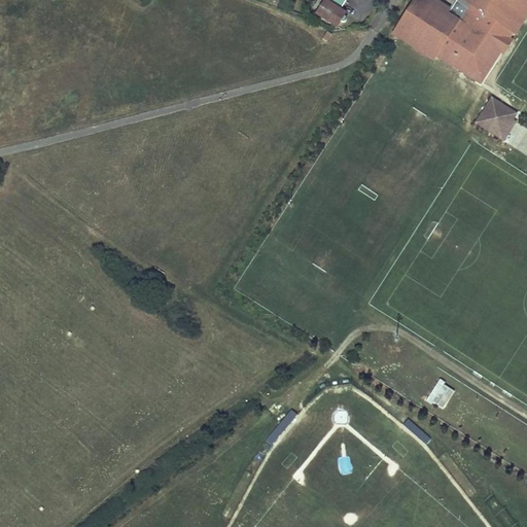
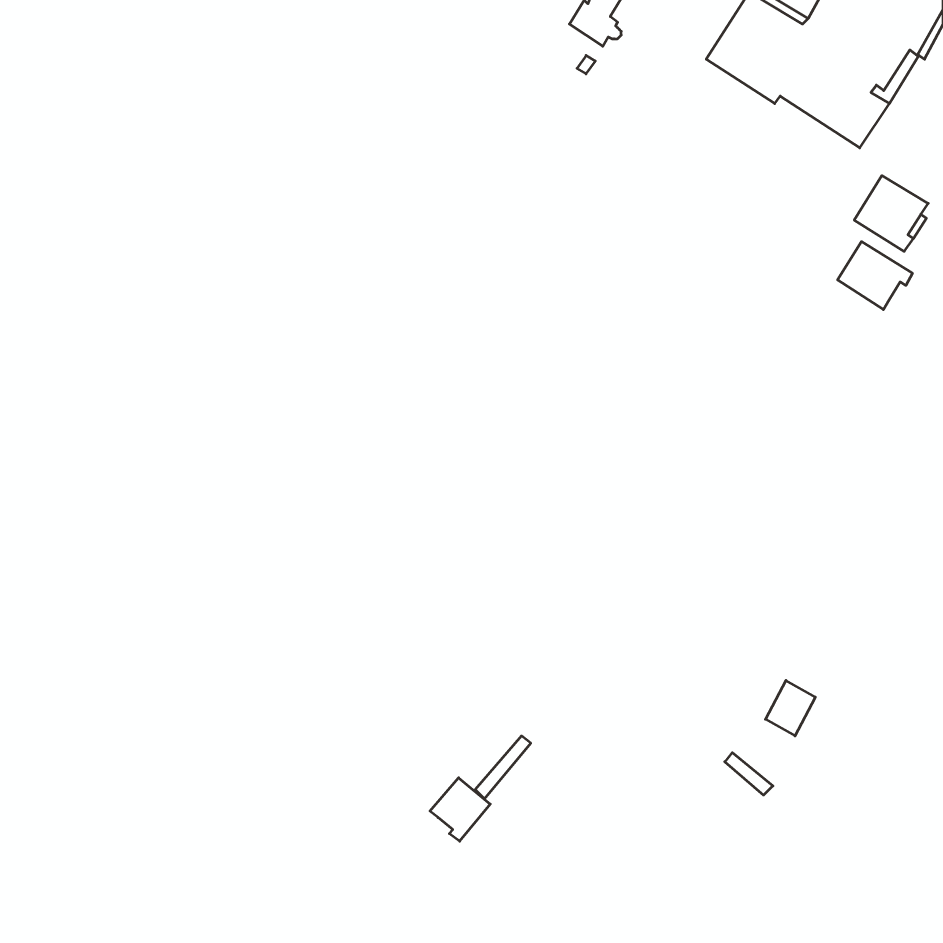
building: none -> [838,242,912,310]
building: none -> [430,778,490,841]

